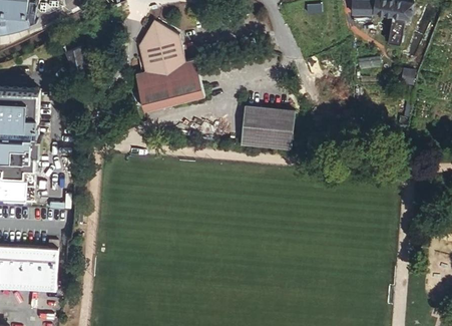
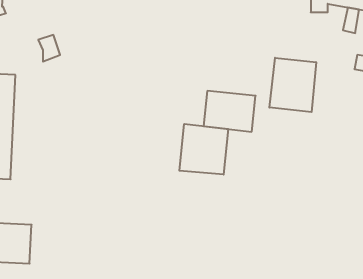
building: [136,24,204,112] -> none
building: none -> [269,58,316,112]
building: none -> [179,124,228,175]

